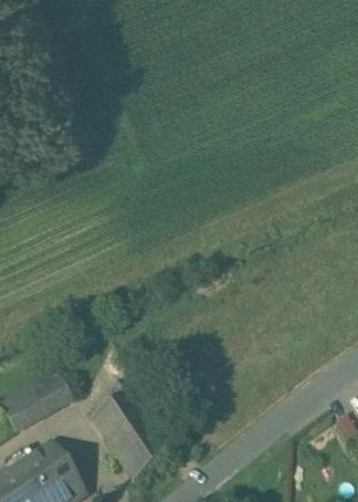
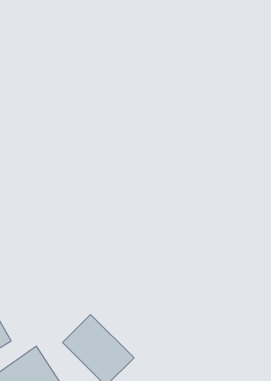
building: [14,364,75,421] -> none

